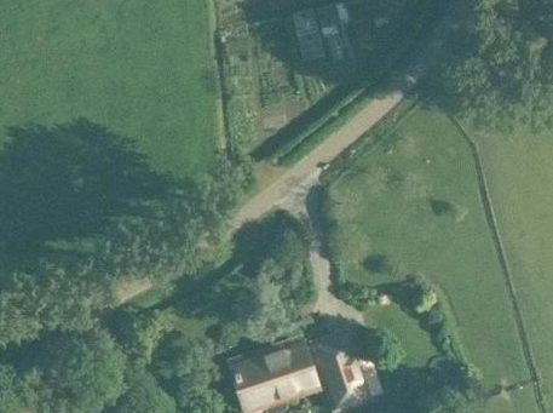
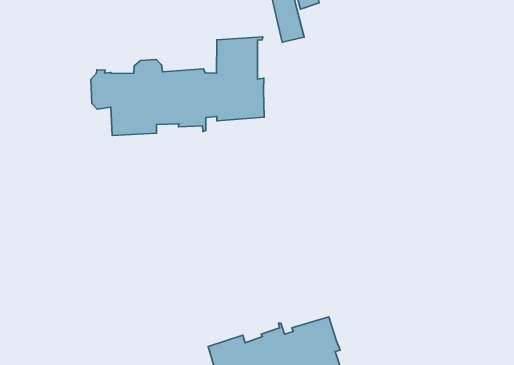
building: none -> [91,37,264,136]

